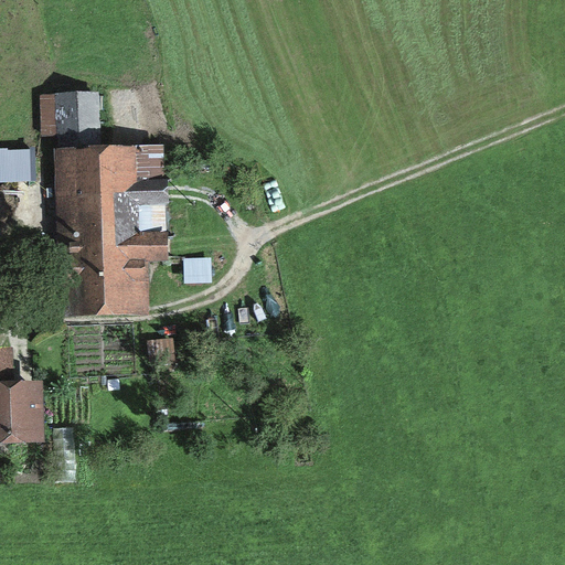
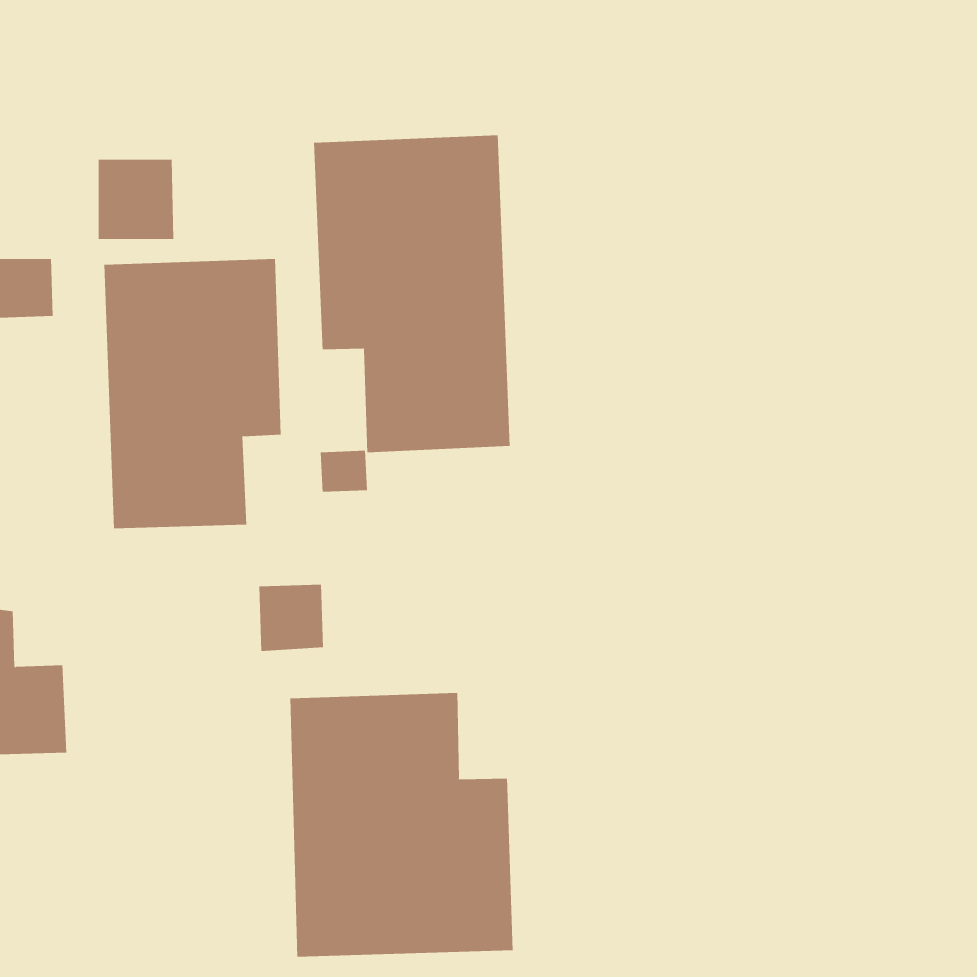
building: none -> [314,134,510,453]
building: none -> [290,692,513,957]

